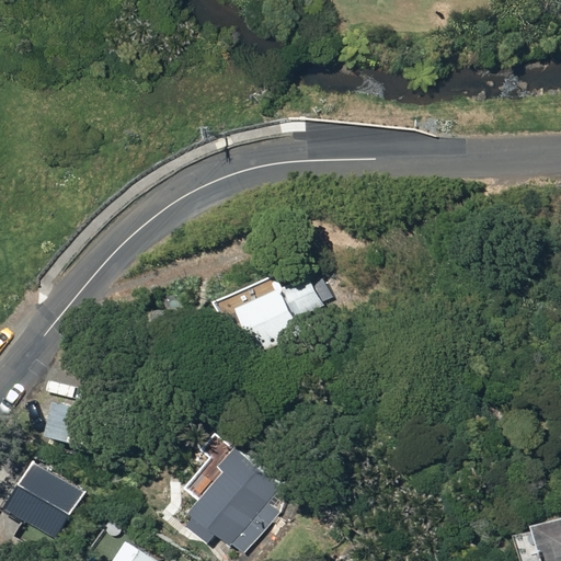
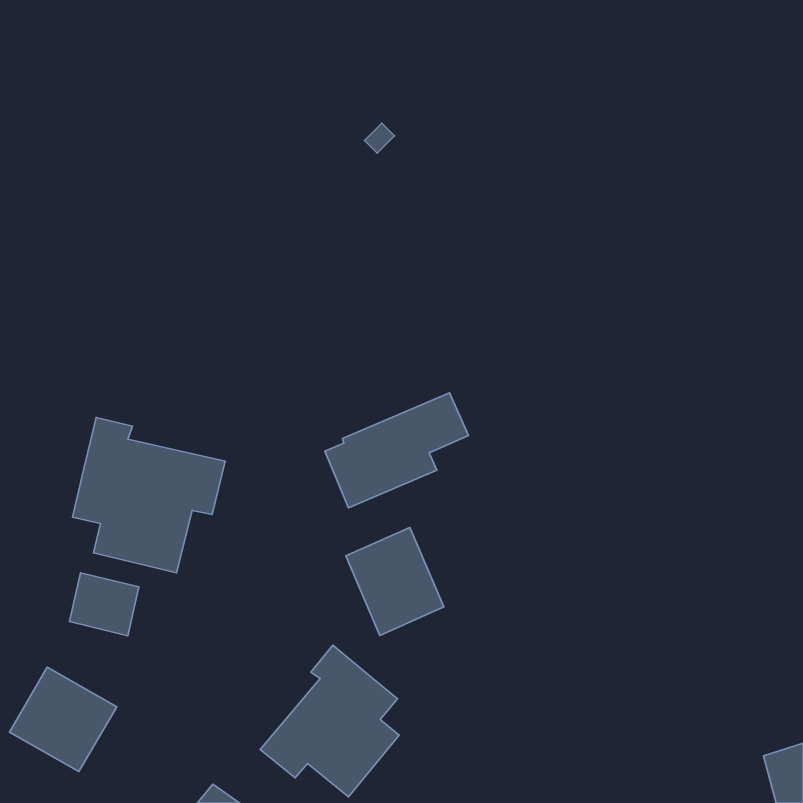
building: none -> [72,417,225,573]
building: none -> [346,527,444,635]

